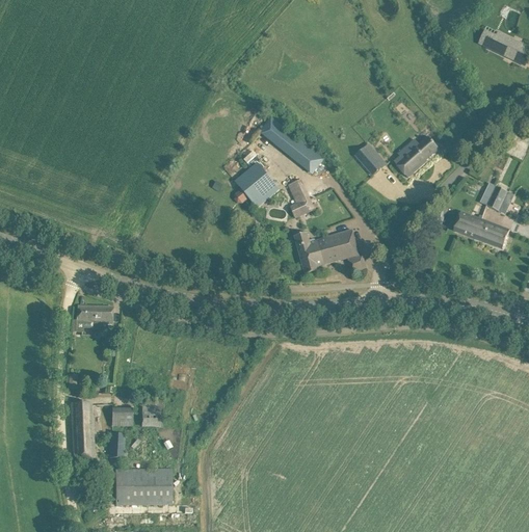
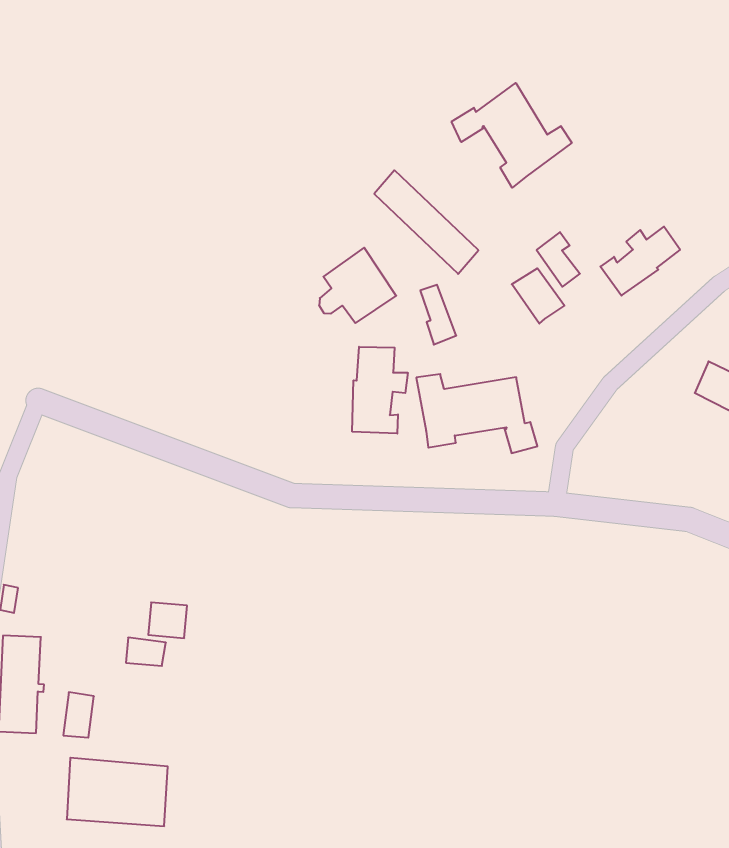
building: none -> [452,83,572,188]
building: none -> [512,268,564,324]
building: none -> [352,347,408,434]
building: [72,305,112,330] -> none
building: [111,407,132,426] -> [148,602,187,638]

